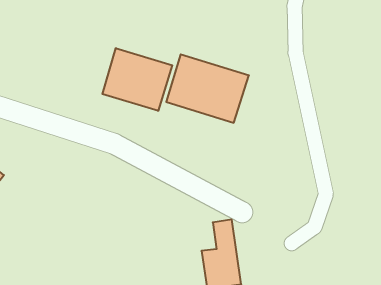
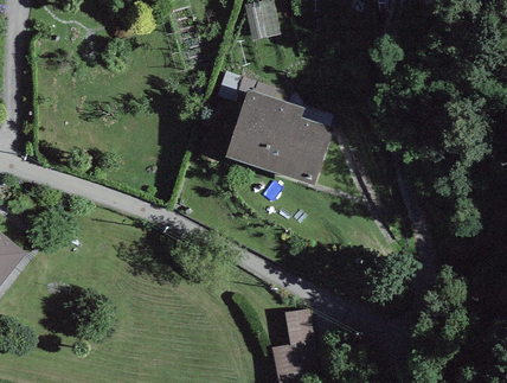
building: [102,48,172,111] -> none

